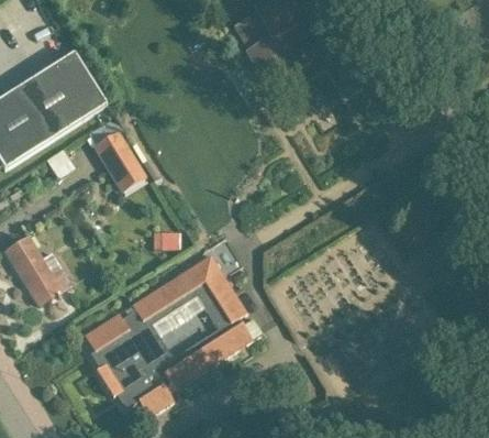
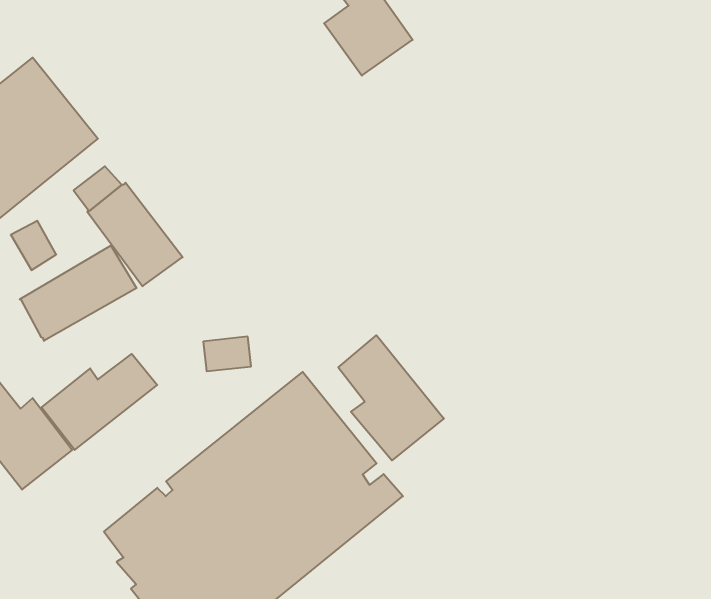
building: none -> [20,246,137,341]
building: none -> [41,354,157,450]
building: none -> [338,335,444,460]

